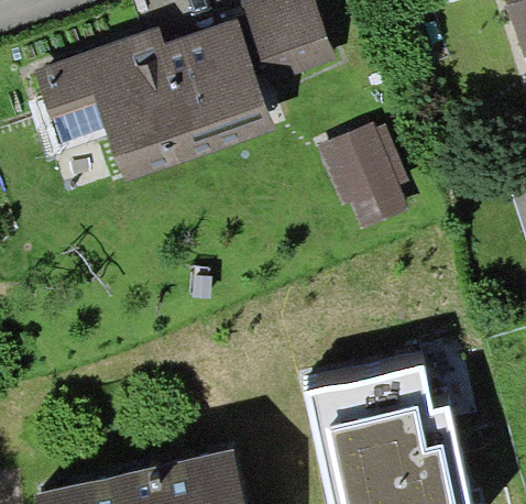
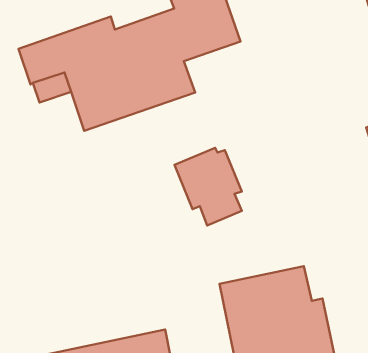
building: [319,120,410,226] -> [175,148,242,225]

